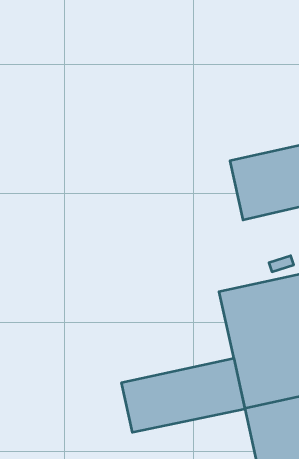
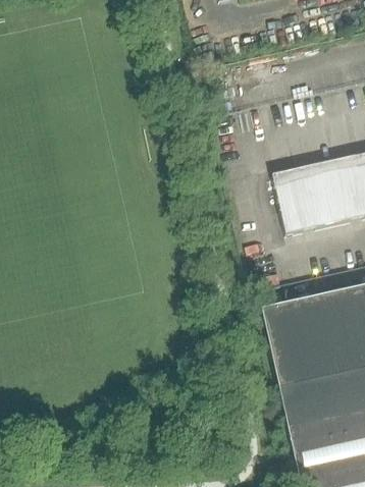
building: [122,358,245,432] -> none

